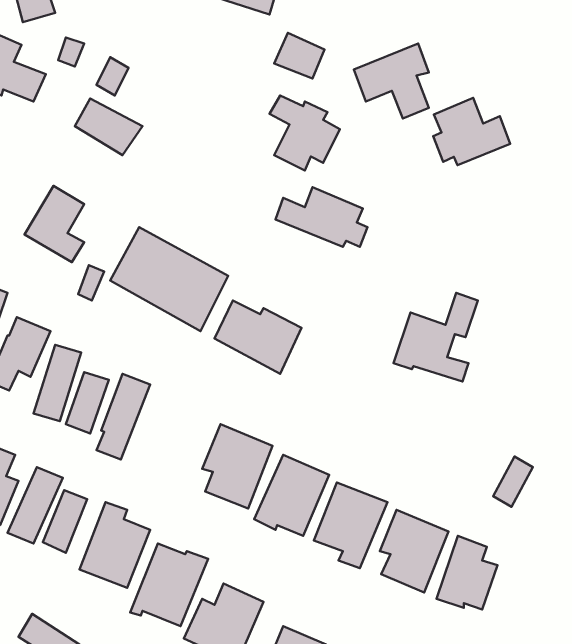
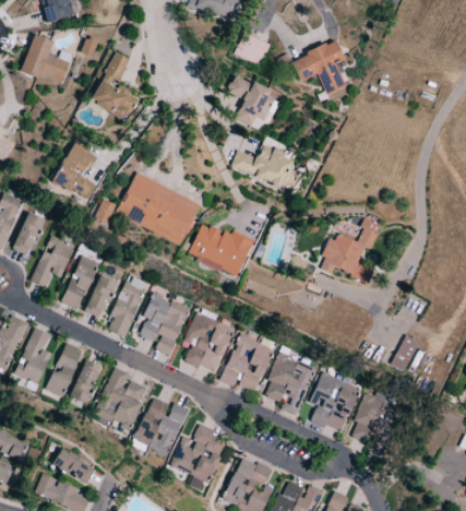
building: [433,98,510,165] -> none
building: none -> [140,292,190,356]

